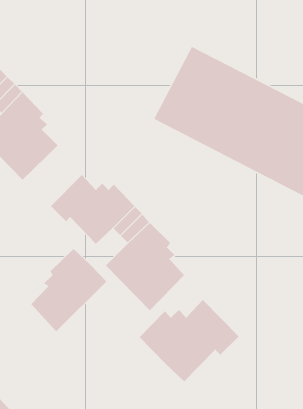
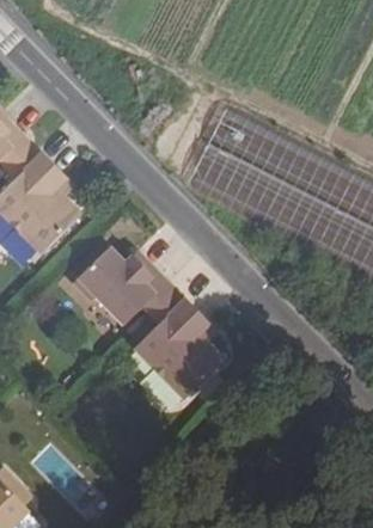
building: [30,248,107,332] -> none
building: [139,299,240,382] -> none

